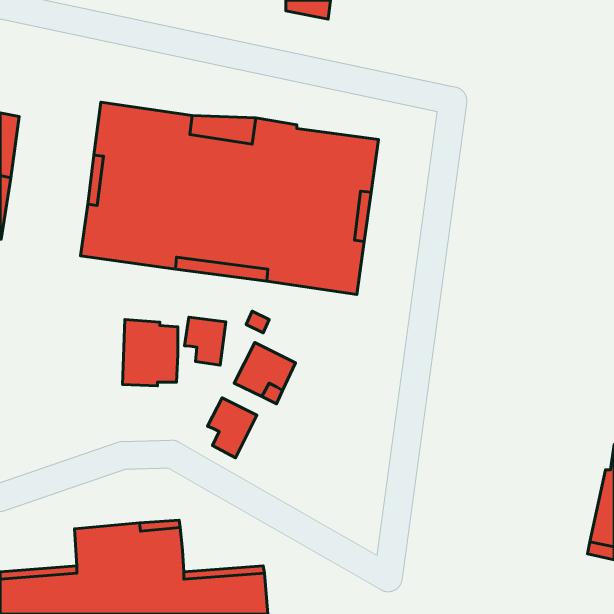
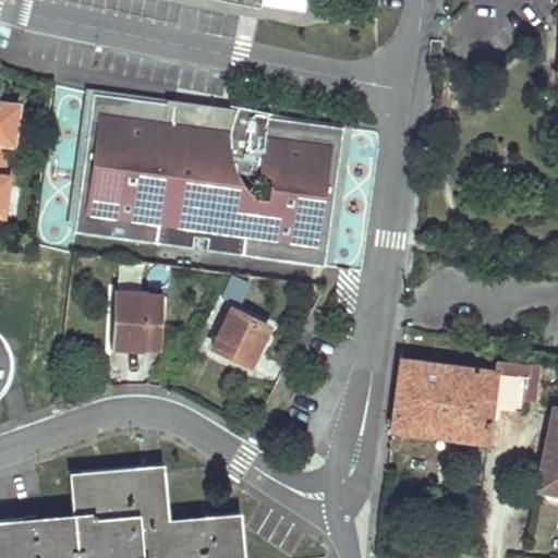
building: [185,317,226,365] -> none
building: none -> [390,360,542,442]
building: [208,398,257,458] -> none

